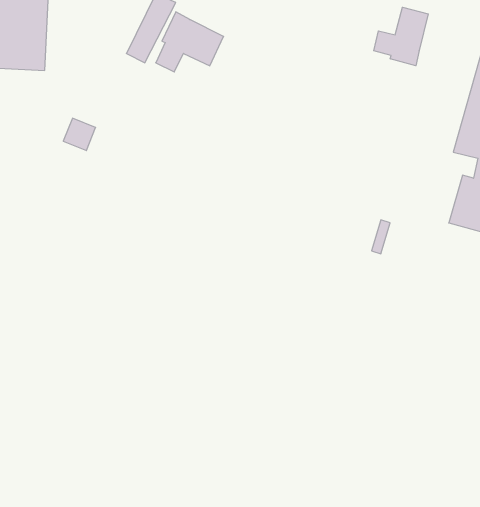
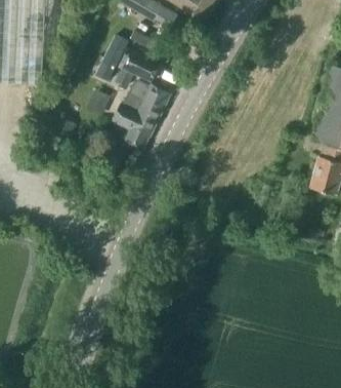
building: [374,7,428,66] -> none
building: none -> [111,80,169,148]

